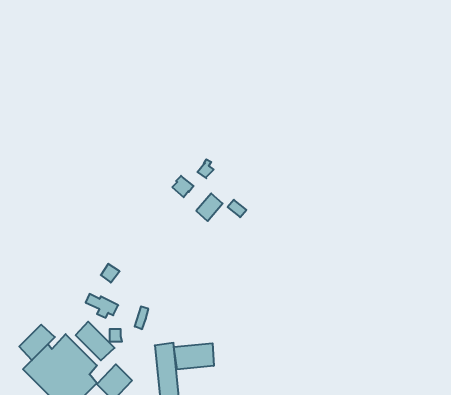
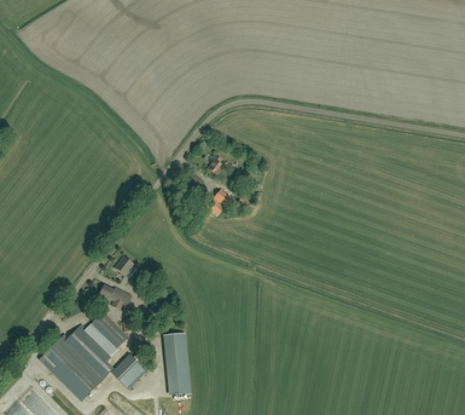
building: [19,325,55,360] -> none
building: [174,343,214,369] -> none

